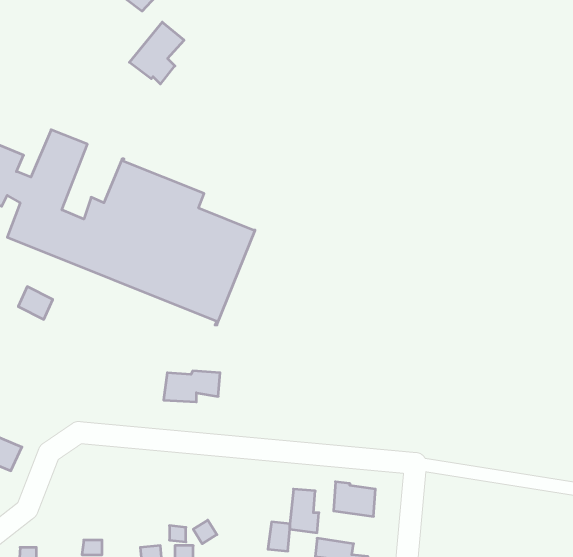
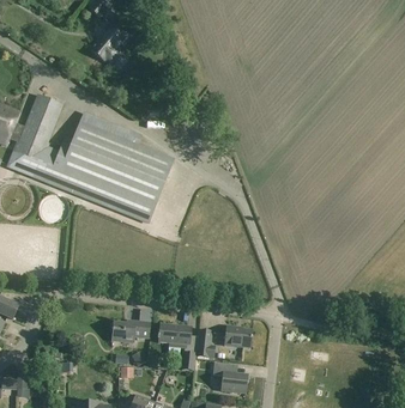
building: [164,371,220,402] -> [111,321,149,341]
building: none -> [157,323,191,348]

